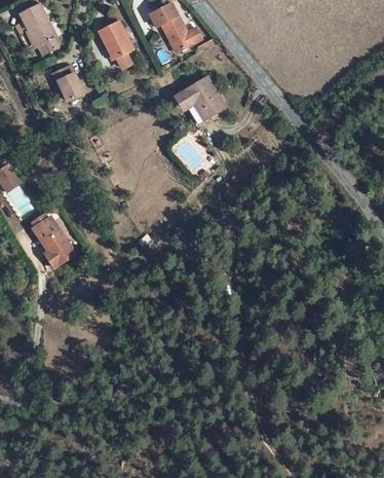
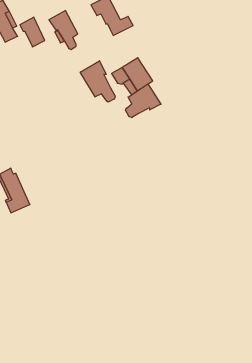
building: [52,68,83,105] -> [20,17,45,47]
building: none -> [80,61,115,102]
building: none -> [126,84,161,118]

